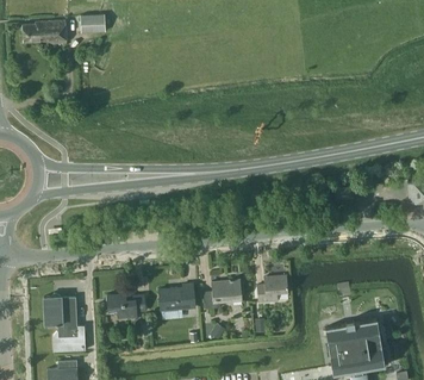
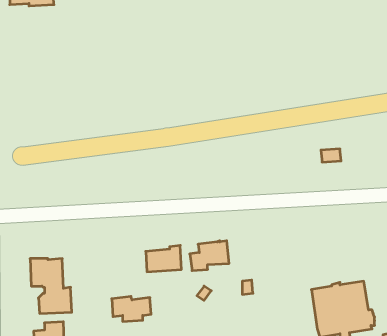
building: [256,275,288,303] -> none
building: [106,293,145,318] -> [112,296,151,321]

